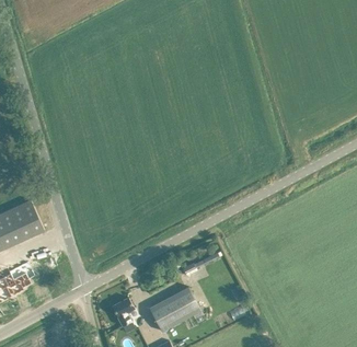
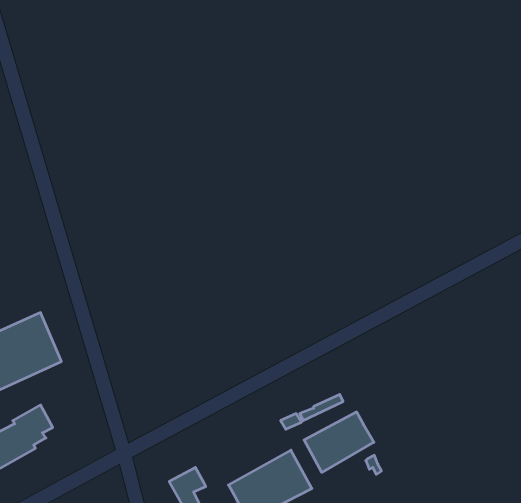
building: none -> [304,412,374,472]

